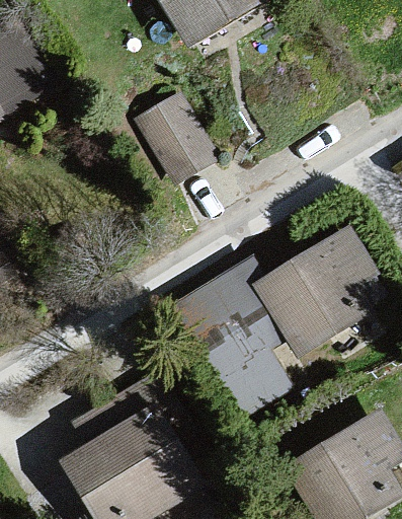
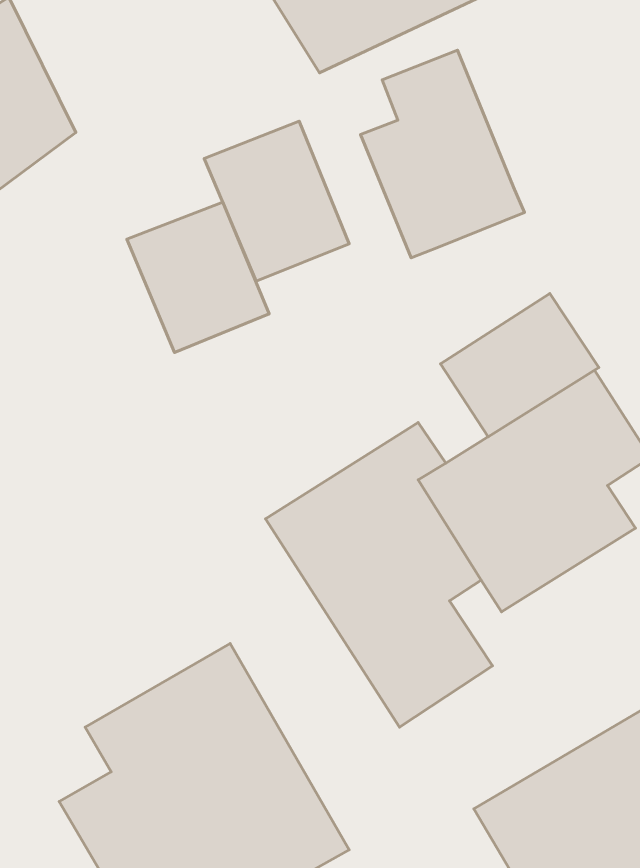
building: none -> [361,50,524,258]
building: none -> [127,202,269,353]
building: none -> [441,294,599,437]

